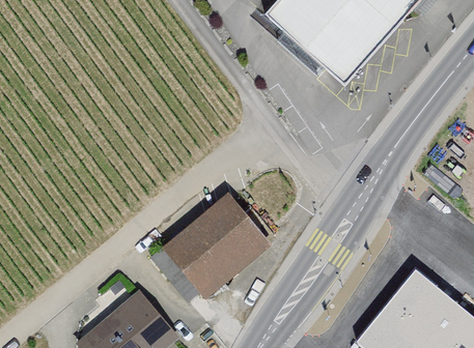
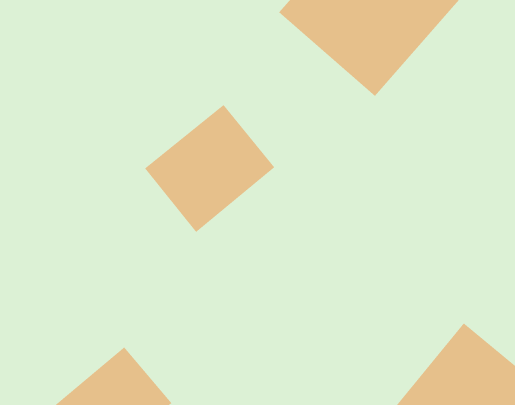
building: [163,192,271,297] -> [144,104,275,233]

